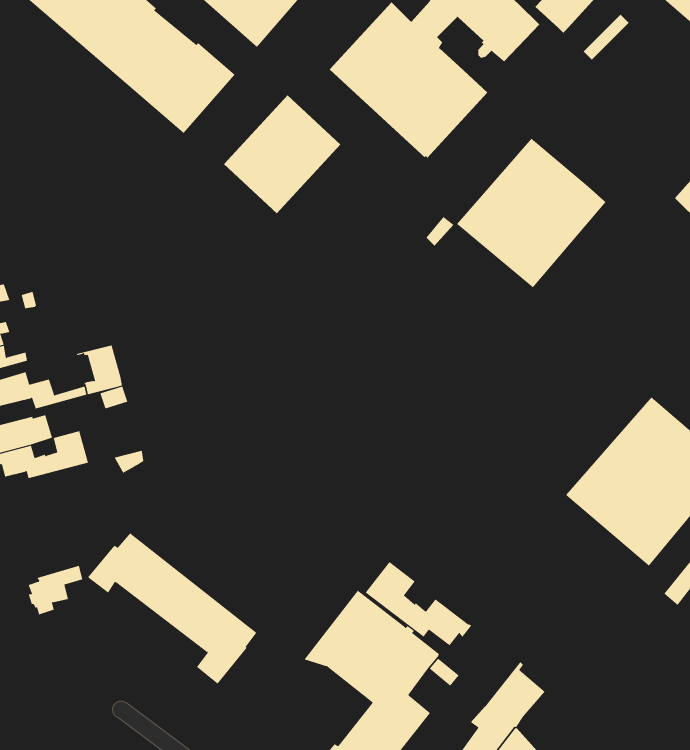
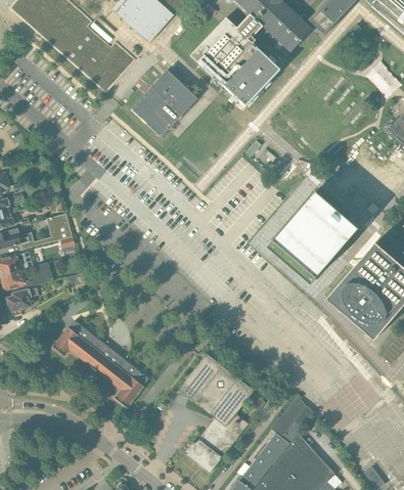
building: [456,138,606,288] -> [272,191,358,277]
building: [365,561,472,646] -> none
building: [28,565,83,615] -> [7,286,39,315]

